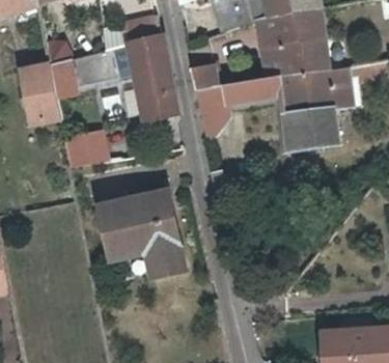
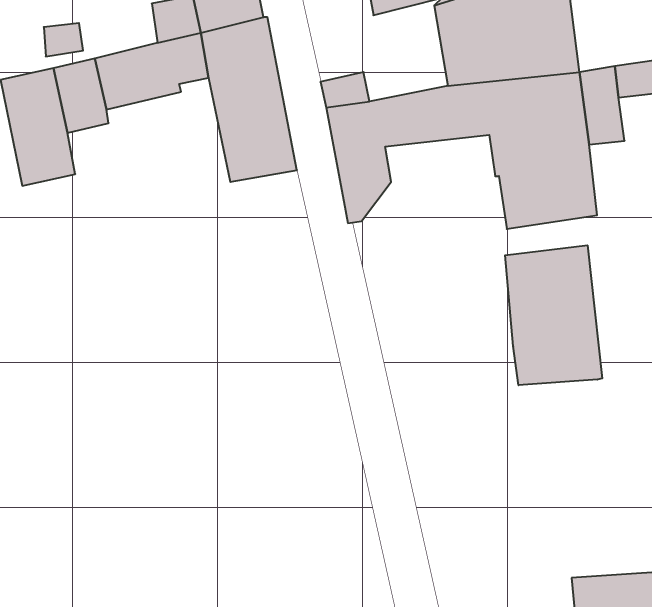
building: [66,132,109,165] -> none
building: none -> [505,245,602,385]
building: [89,187,183,282] -> none

